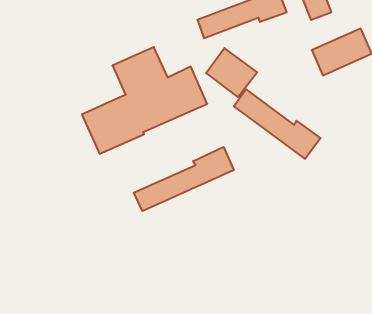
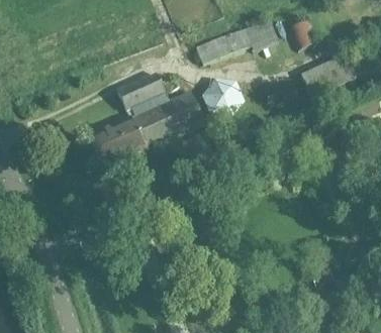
building: [234,89,321,159] -> none
building: [134,147,234,211] -> none

